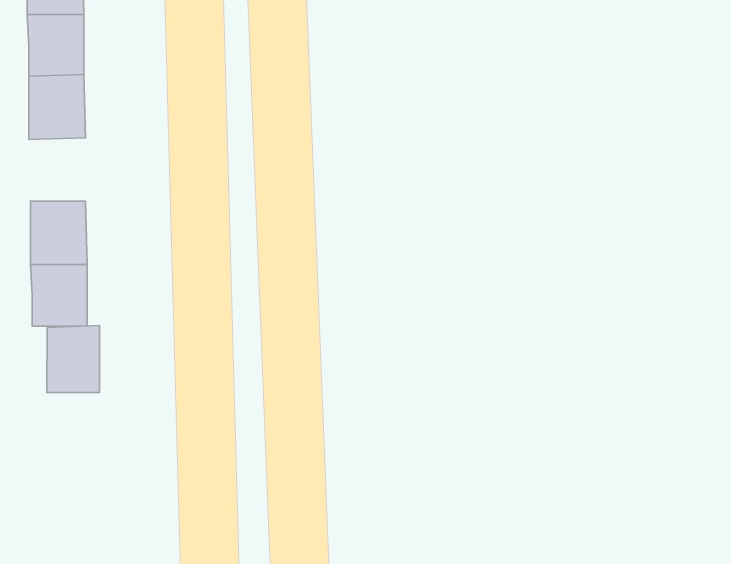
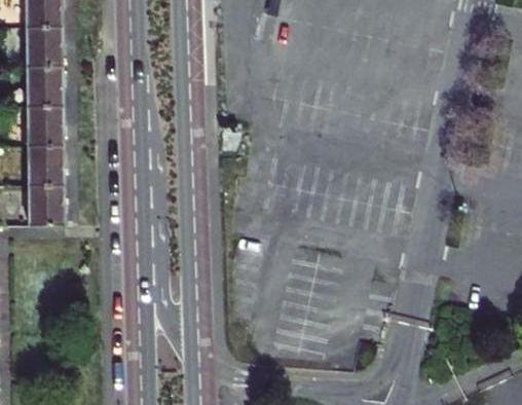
building: none -> [27,104,63,144]
building: [47,326,99,393] -> none

